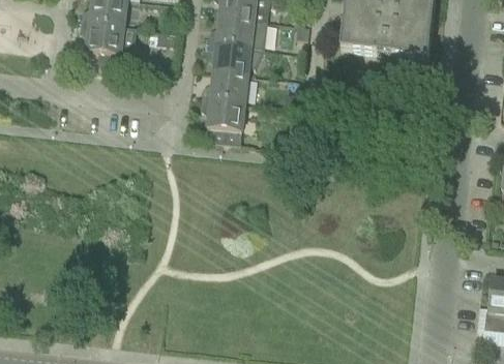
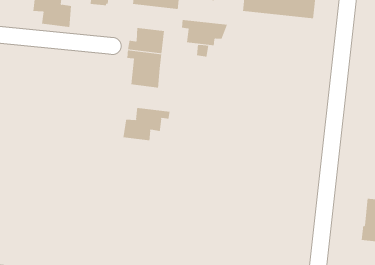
building: [207,37,264,69] -> [181,19,228,46]
building: none -> [123,107,170,141]

